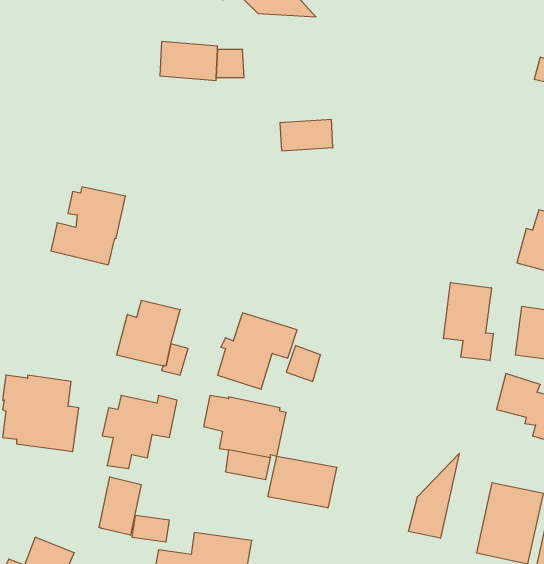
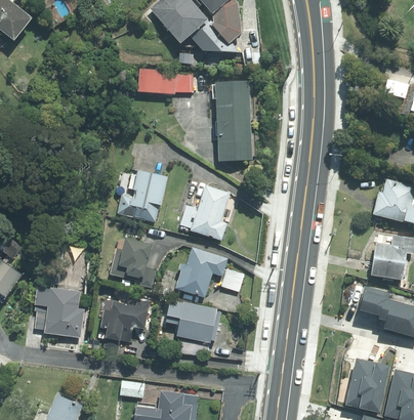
building: none -> [216,81,251,122]
building: none -> [218,138,252,160]
building: [51,187,126,265] -> [118,171,167,222]
building: none -> [180,186,230,241]
building: [443,282,493,361] -> none
building: [409,453,459,538] -> none
building: [268,456,337,508] -> none
building: [99,477,141,535] -> none

